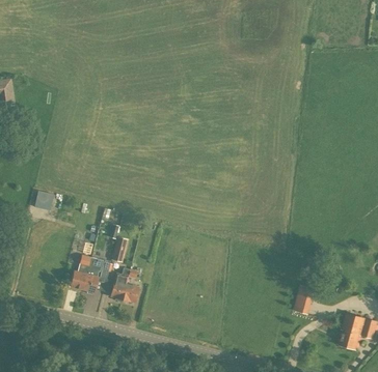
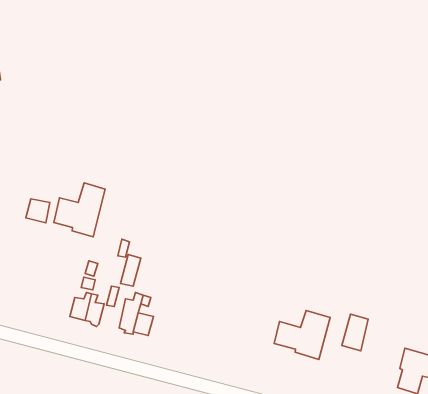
building: none -> [54,183,105,237]
building: none -> [274,310,330,359]

